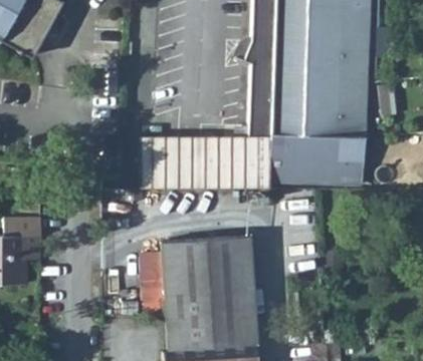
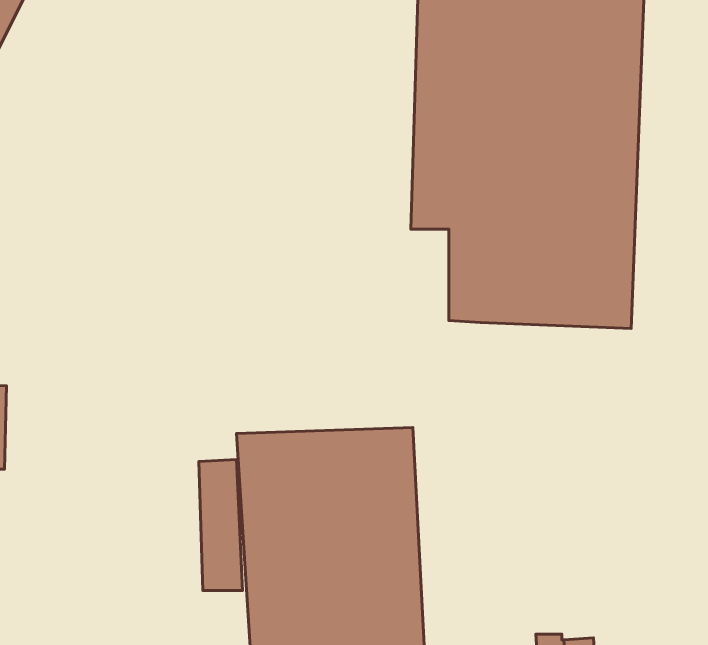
building: [162,135,270,188] -> none

